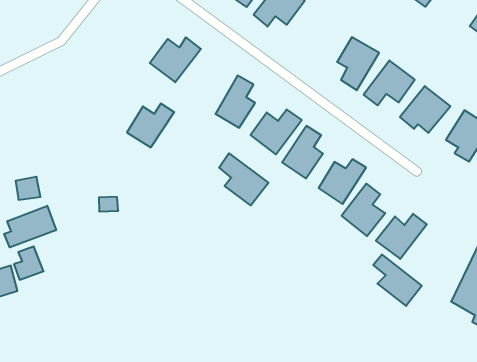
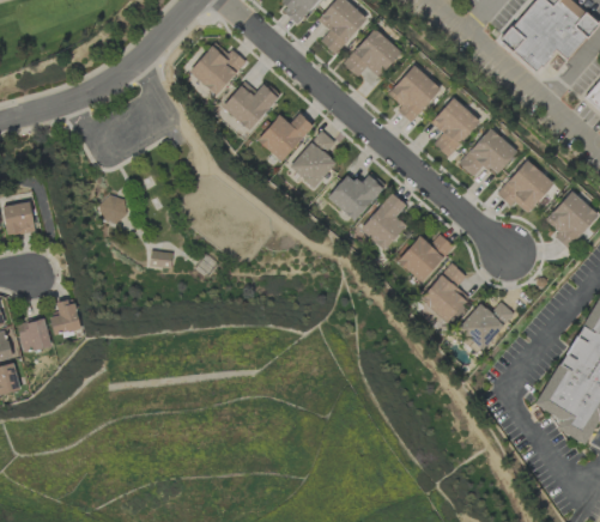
building: none -> [190,41,247,95]
building: none -> [388,63,442,121]
building: [127,104,174,147] -> [259,113,314,160]
building: [219,153,268,205] -> none
building: [16,177,41,200] -> [102,195,128,219]
building: [4,206,56,247] -> none
building: [373,254,422,306] -> none

